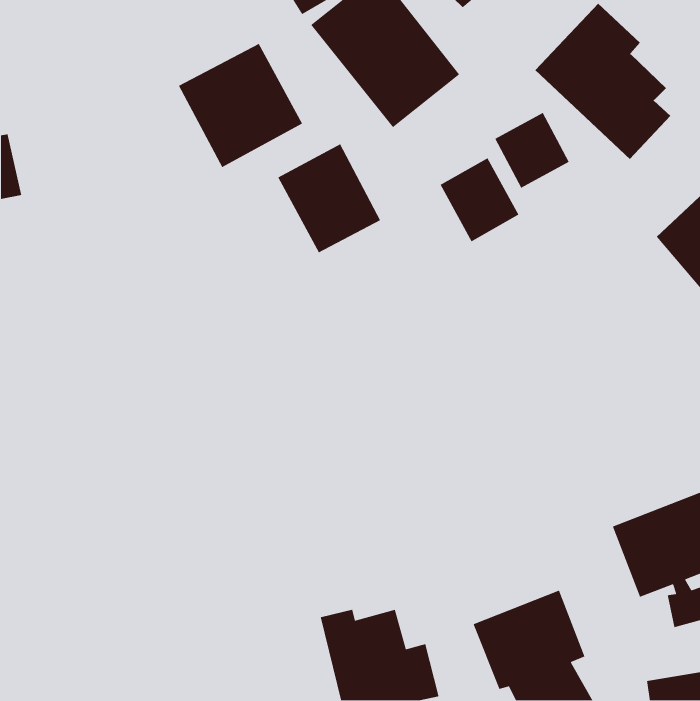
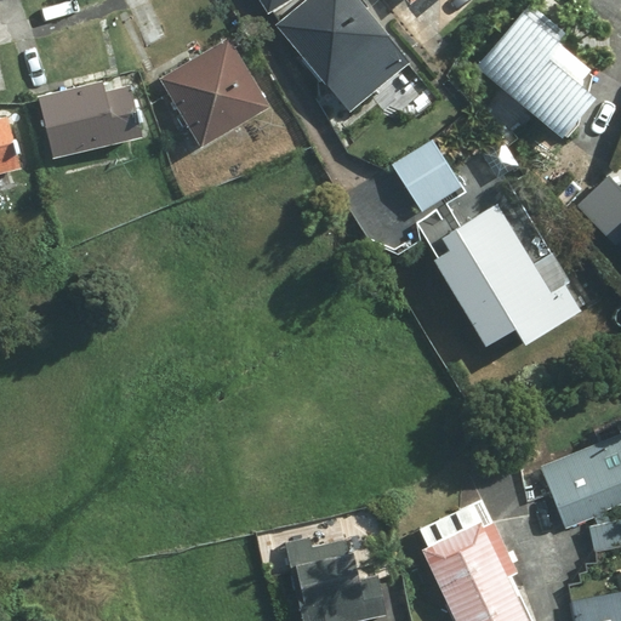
building: none -> [38,78,144,159]
building: [494,112,570,189] -> none
building: [277,143,381,253] -> none
building: none -> [433,204,580,348]

